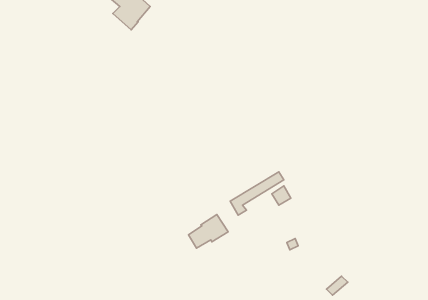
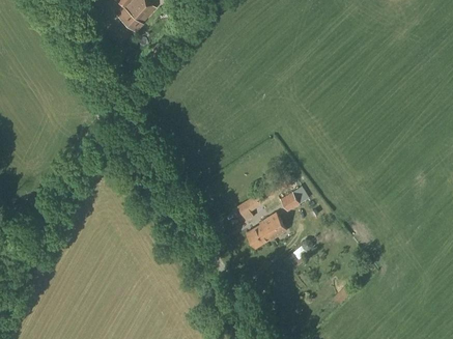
building: [189,215,228,248] -> [246,214,286,248]

